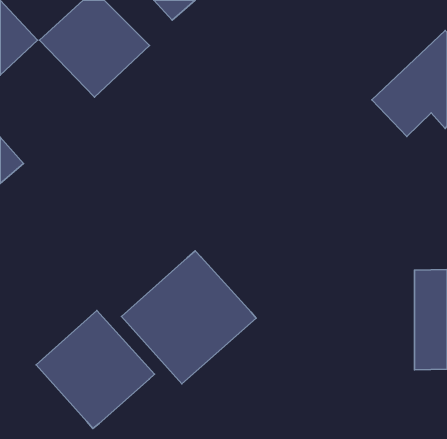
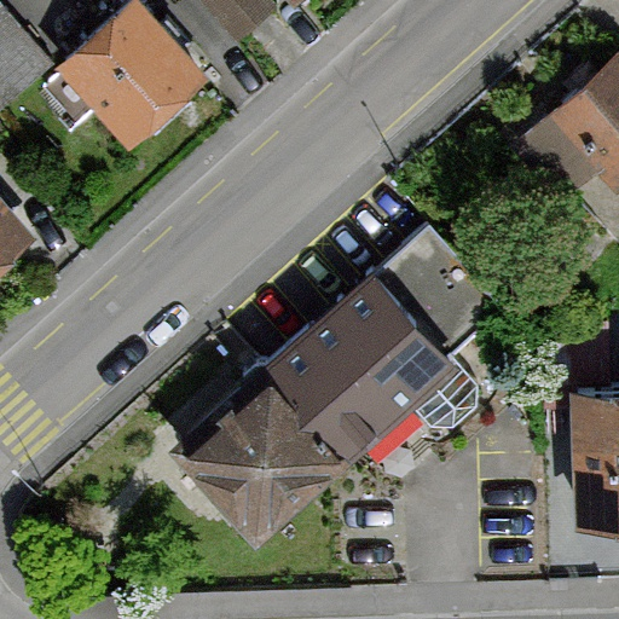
building: none -> [278,230,501,442]
building: [36,311,155,428] -> none

